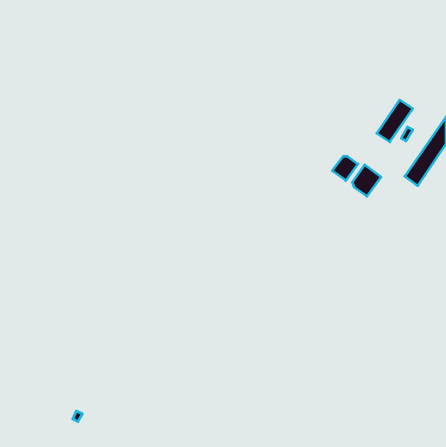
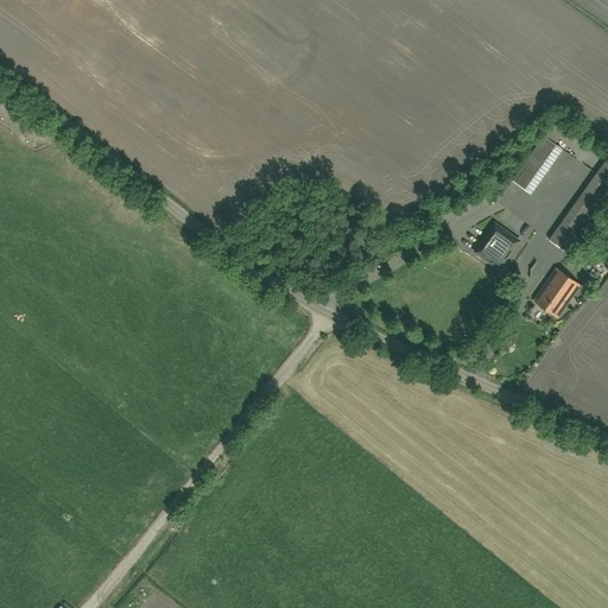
building: [332,156,358,181] -> none
building: none -> [532,267,578,316]

